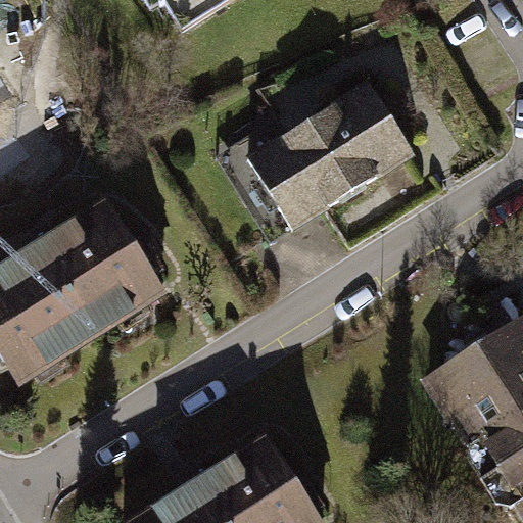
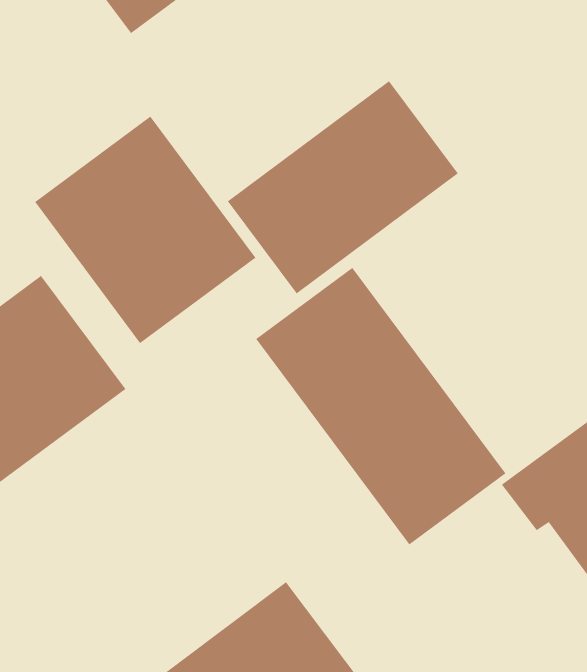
building: none -> [34,115,256,344]
building: none -> [255,267,506,546]

